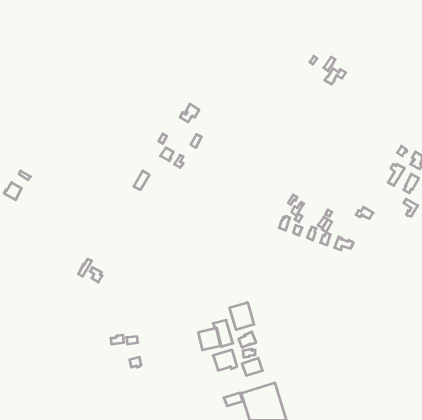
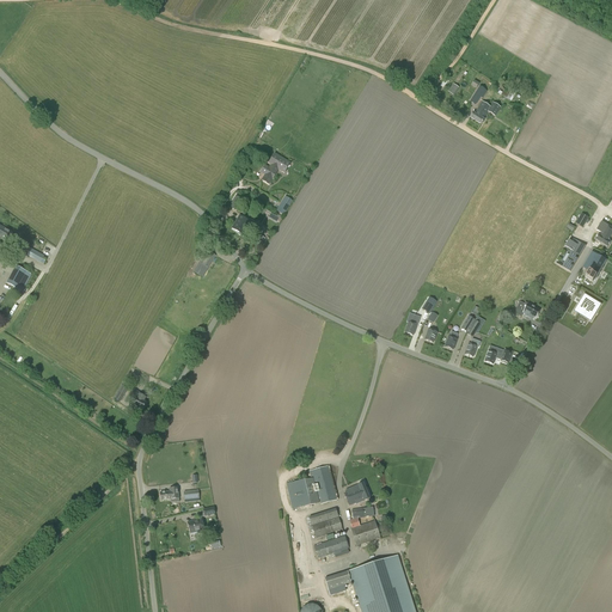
building: [230,302,254,330] -> none
building: none -> [313,533,349,557]

